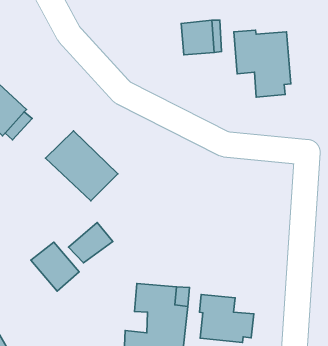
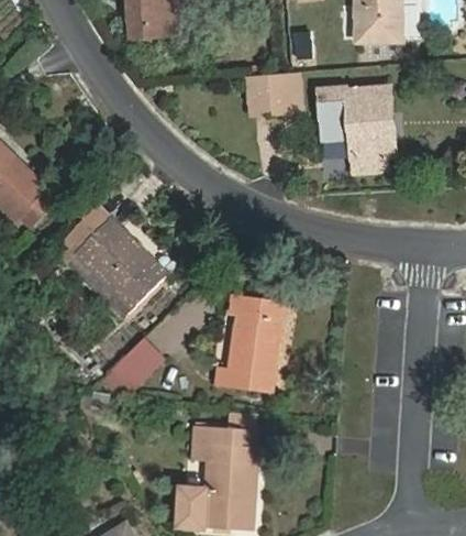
building: none -> [226,296,281,392]
building: [31,242,79,291] -> none
building: [199,295,254,342] -> none

